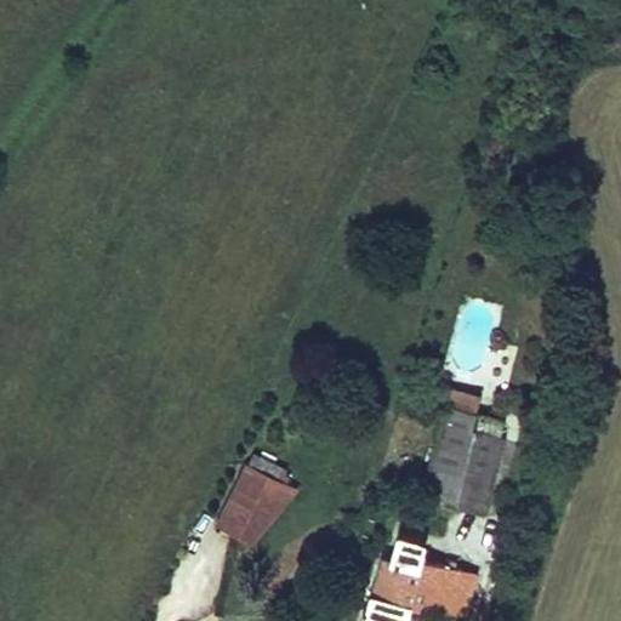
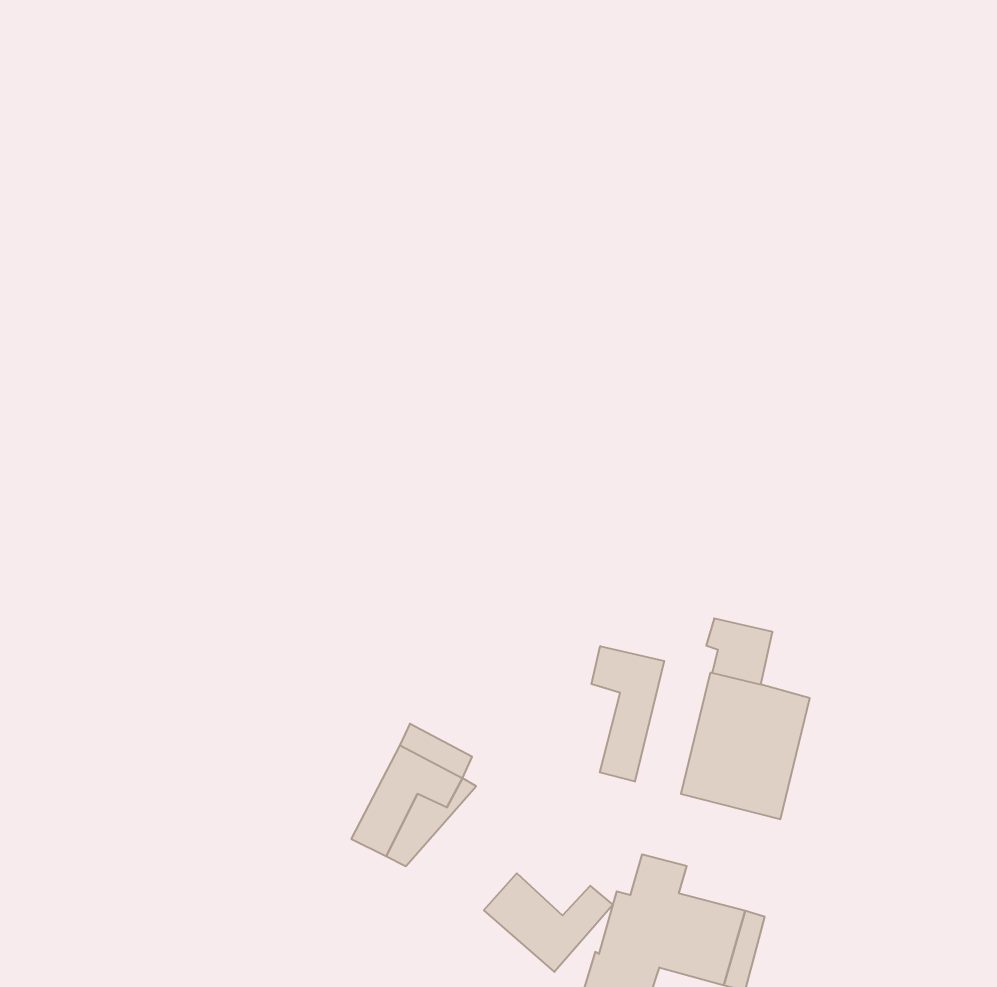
building: none -> [591,646,664,782]
building: none -> [484,873,613,972]

